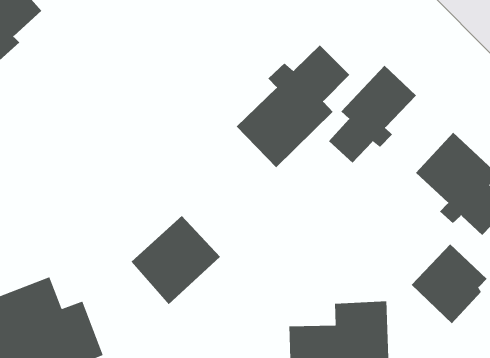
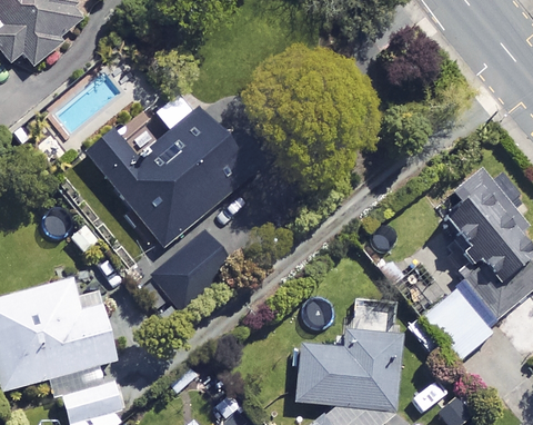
building: [236,45,350,168] -> none
building: [328,65,417,163] -> none
building: none -> [82,103,253,251]

